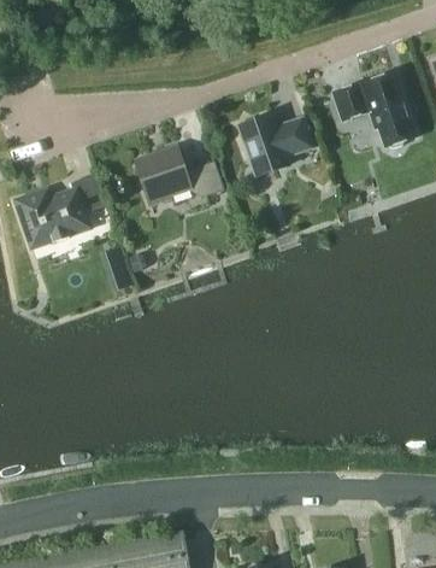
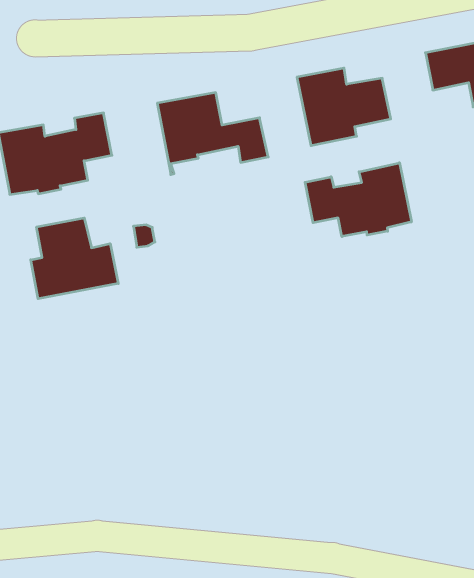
building: none -> [305,163,411,237]
building: none -> [31,218,118,299]

